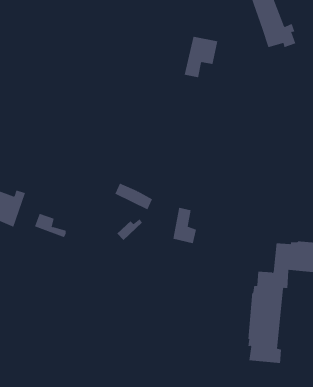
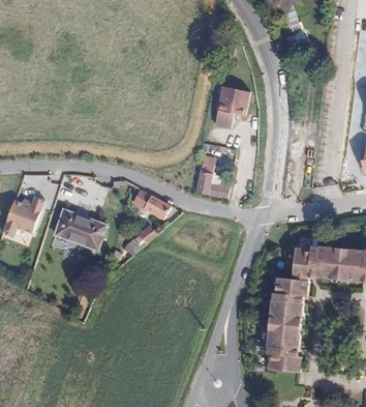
building: [184,36,218,78] -> [216,85,251,127]
building: none -> [54,209,103,249]
building: [172,207,197,244] -> [199,161,223,198]

